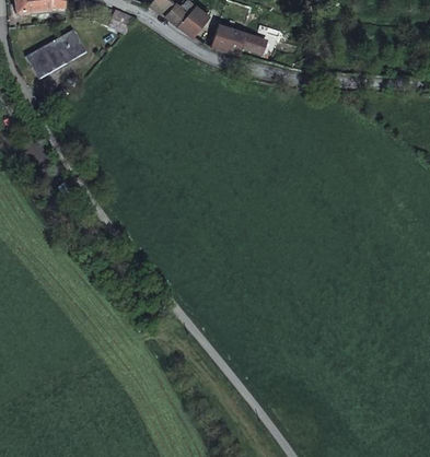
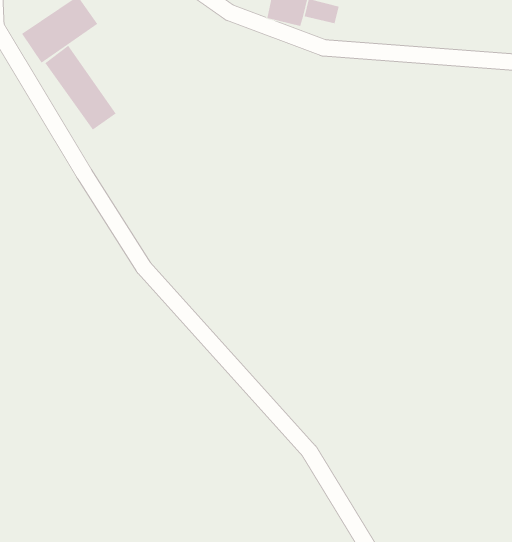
building: none -> [44,45,117,130]

